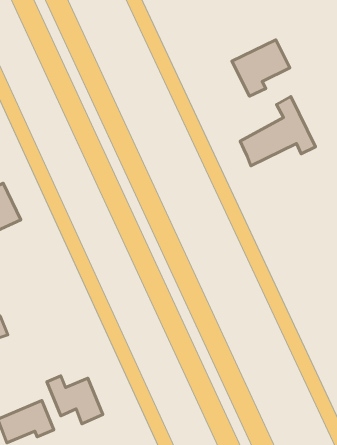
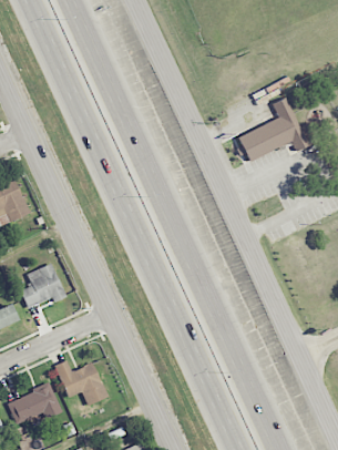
building: [232,40,290,96] -> none
building: none -> [21,265,65,308]

